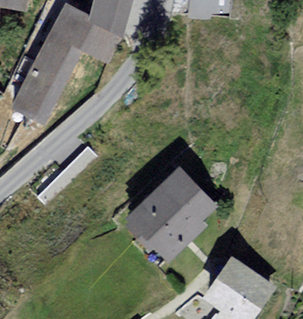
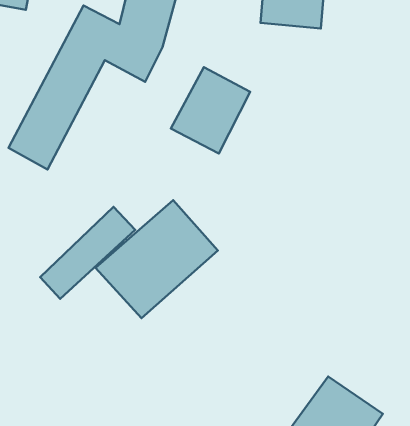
building: none -> [171,67,250,154]
building: [131,173,216,255] -> [96,200,218,318]

